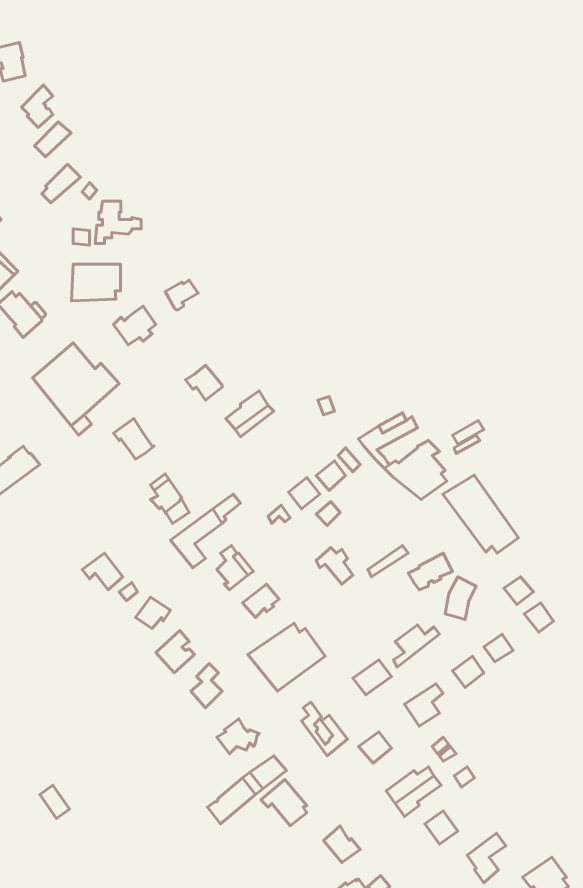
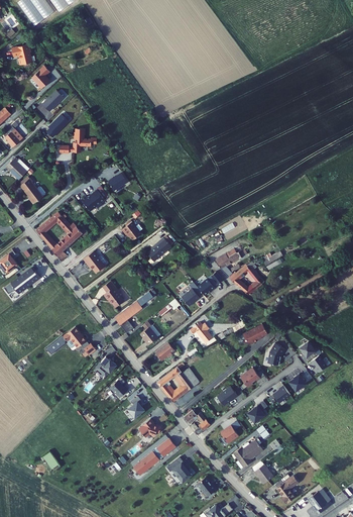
building: [71,264,120,301] -> none
building: [443,475,519,553] -> none

